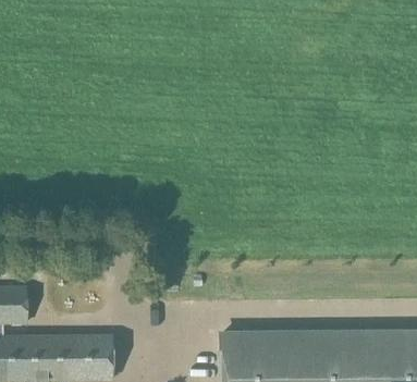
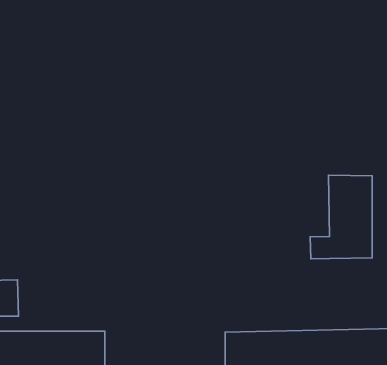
building: none -> [310,175,372,259]

